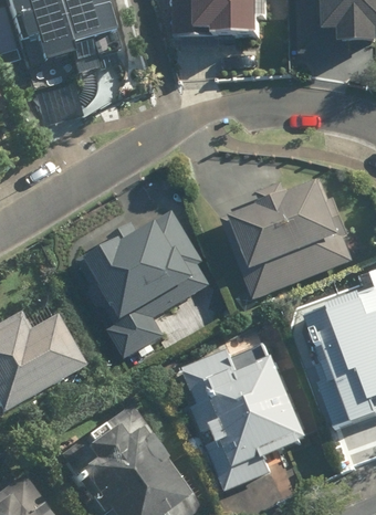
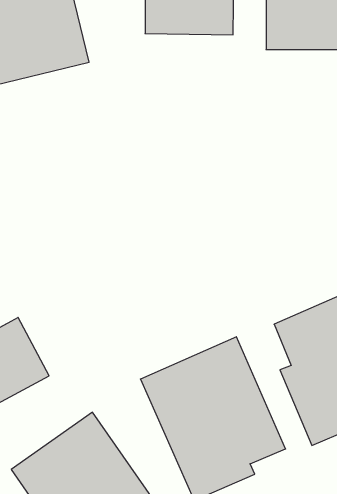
building: [220,178,355,298] -> none
building: [72,209,211,355] -> none

